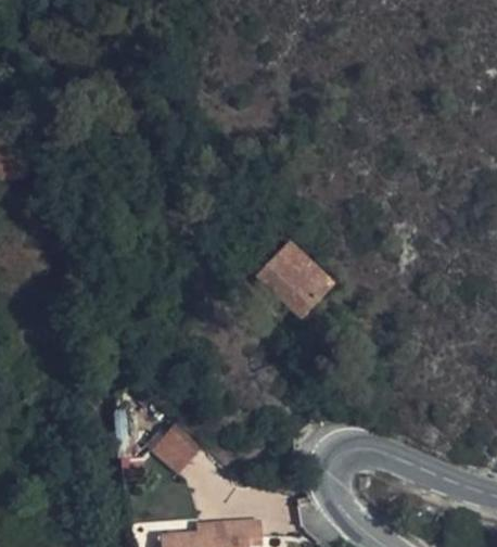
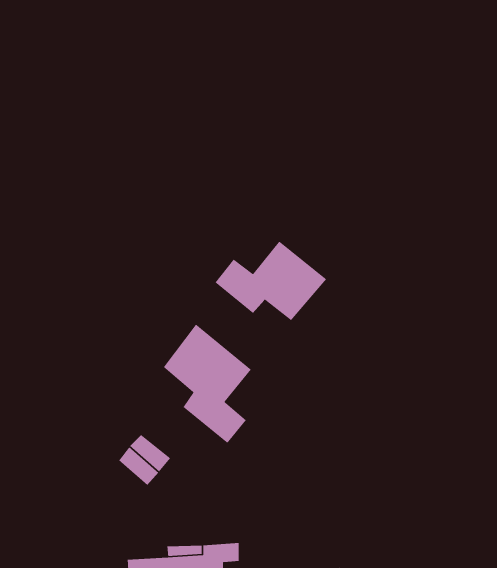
building: none -> [163,324,252,444]

